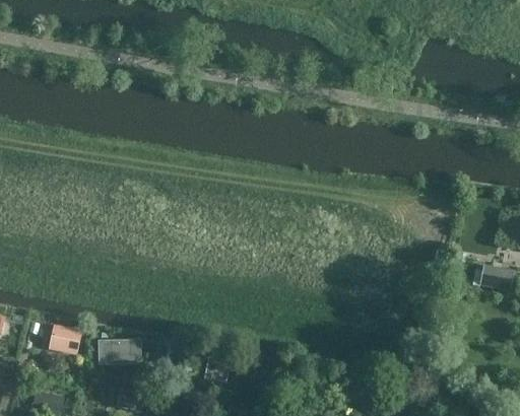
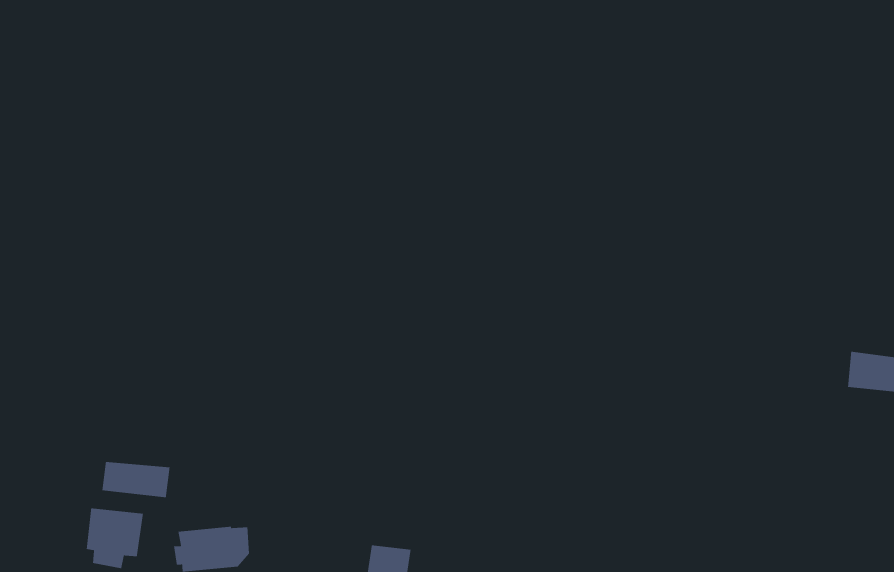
building: none -> [101,461,171,498]

